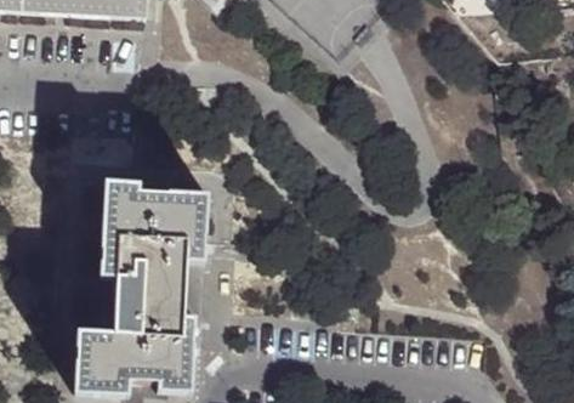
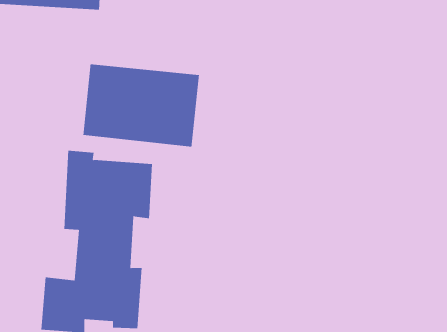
building: none -> [83,64,199,147]

